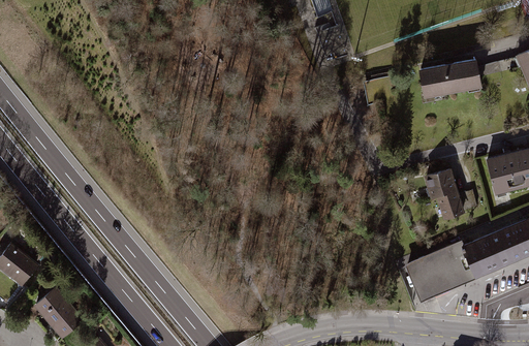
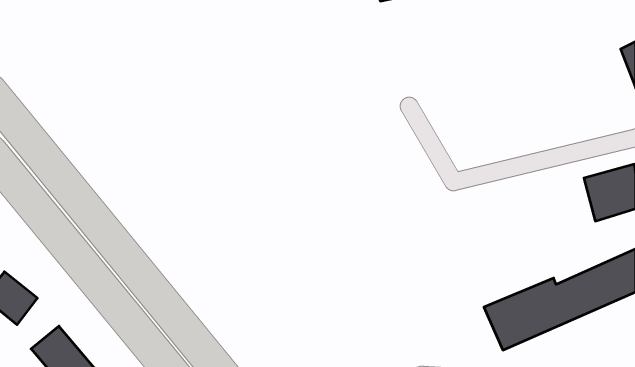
building: [424,62,487,103] -> none
building: [426,170,476,218] -> none

